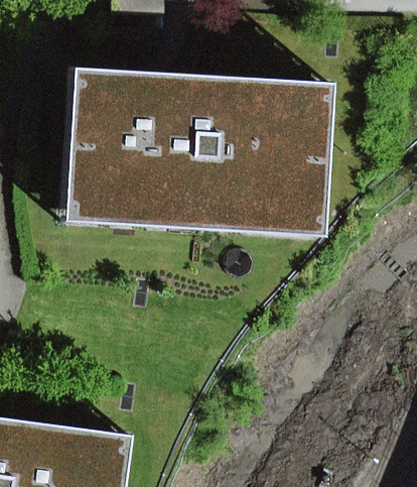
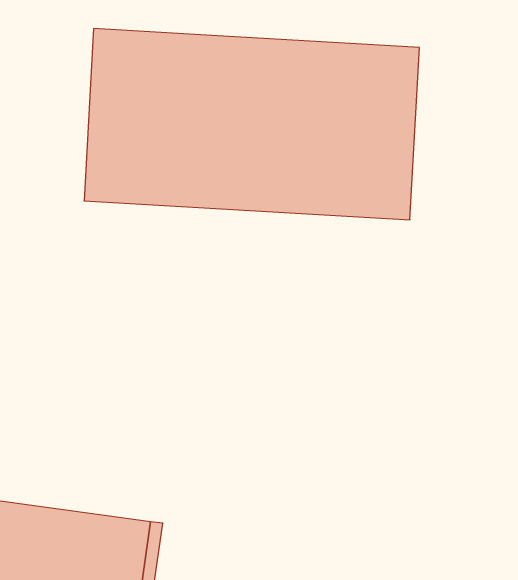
building: [64,68,334,237] -> none

